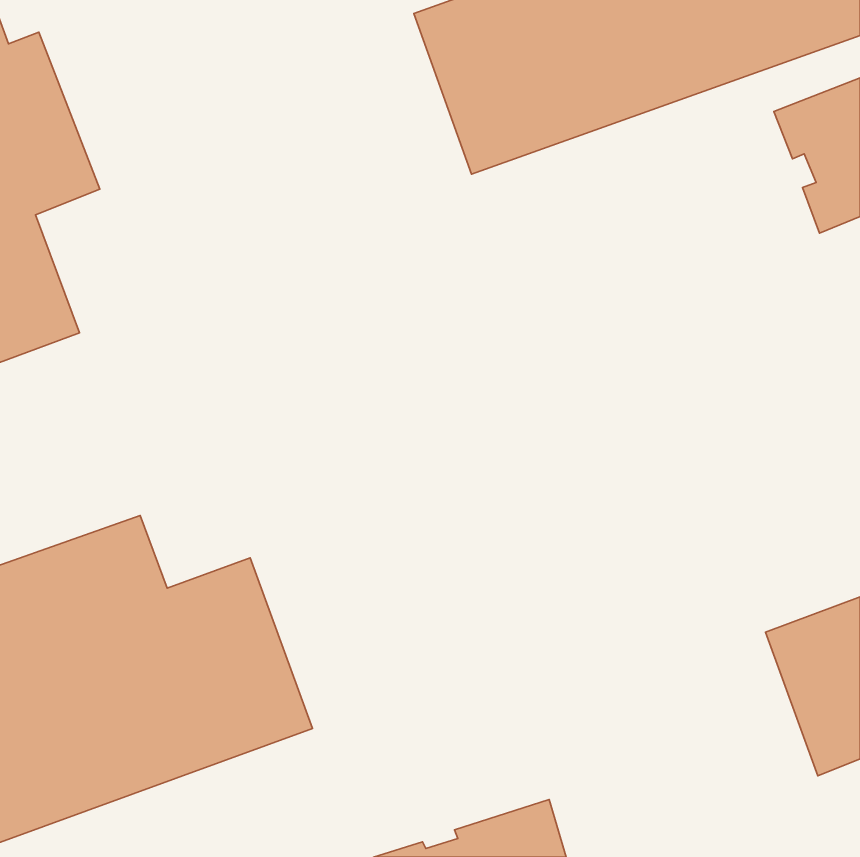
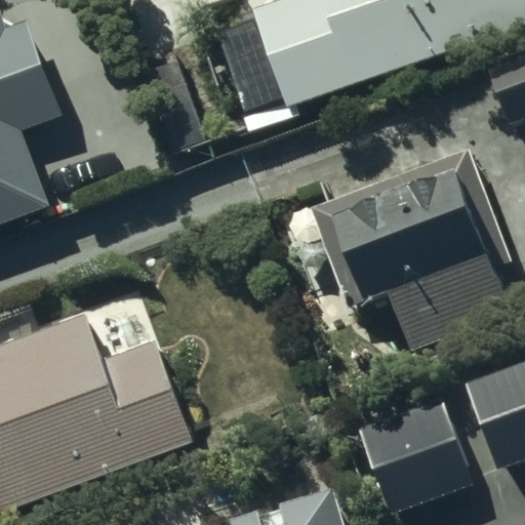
building: none -> [331,171,499,332]
building: none -> [360,397,477,513]

